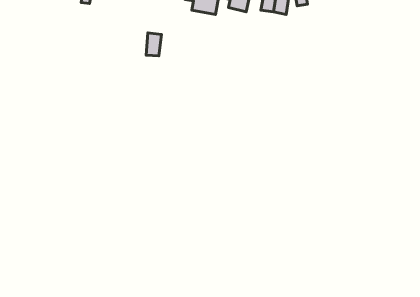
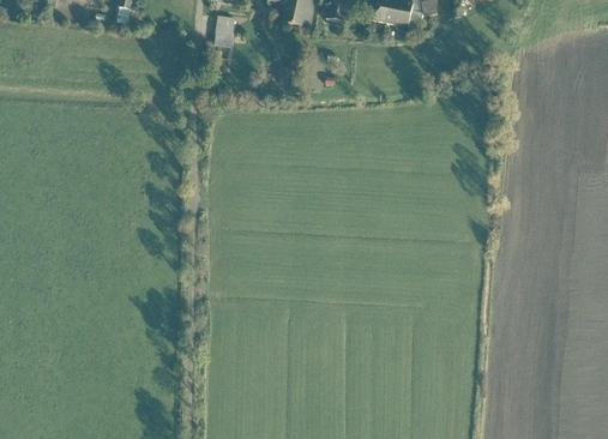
building: [146,33,161,56] -> [213,14,235,47]

